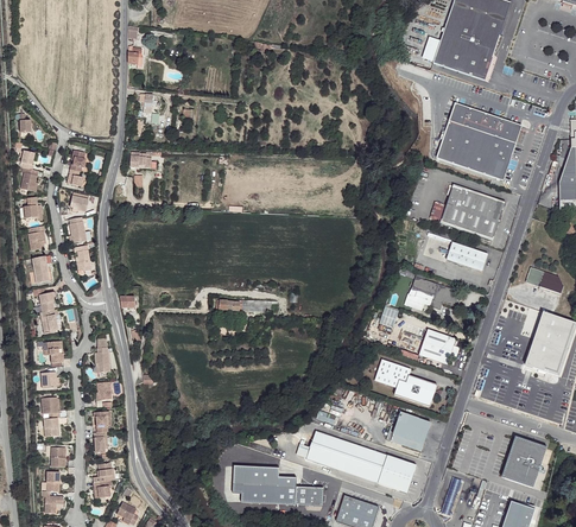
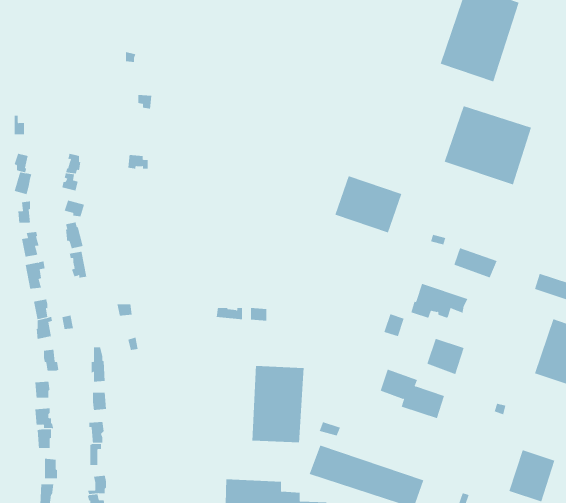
building: [441,185,506,241] -> [335,176,402,233]
building: none -> [252,365,304,443]
building: [393,413,433,452] -> none

